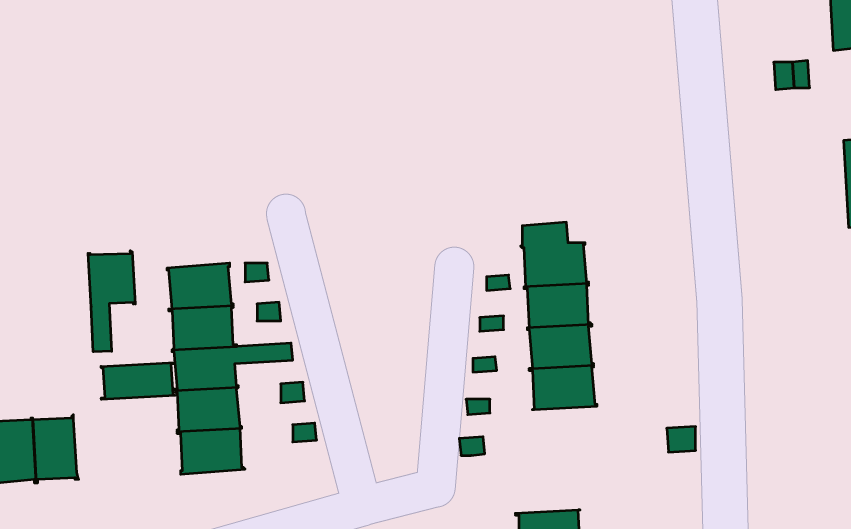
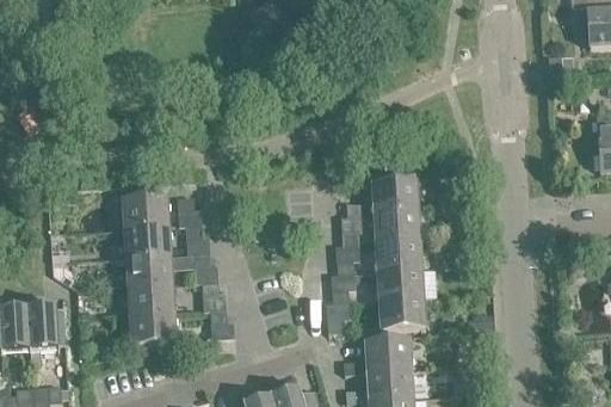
building: [88,251,135,352] -> none
building: [101,363,175,399] -> none
building: none -> [378,295,426,327]
building: none -> [344,338,412,371]

